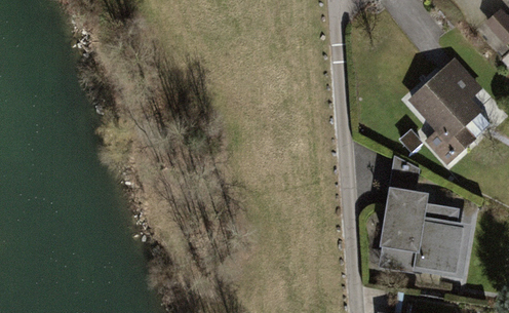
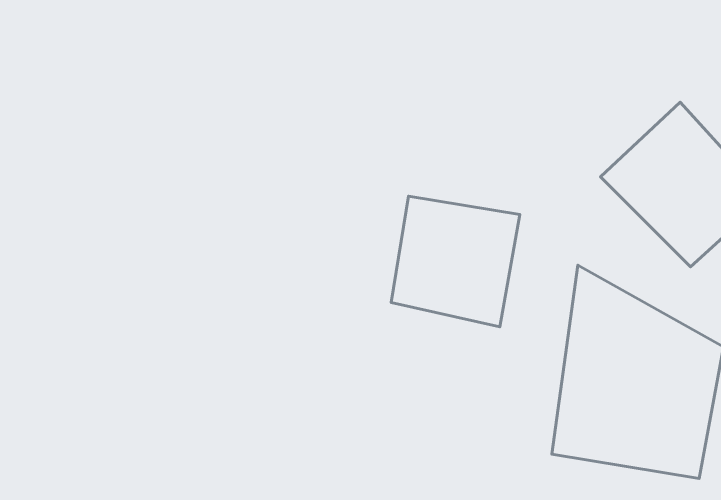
building: none -> [391,196,520,327]

